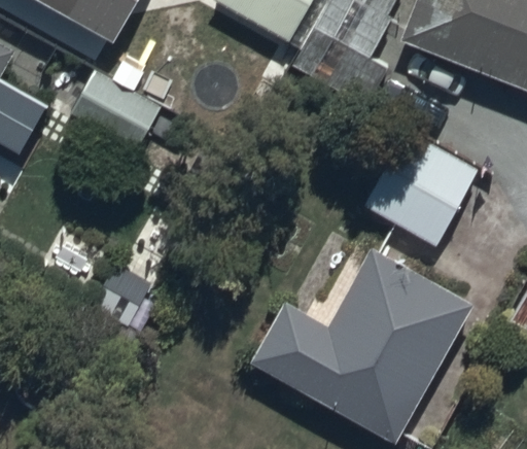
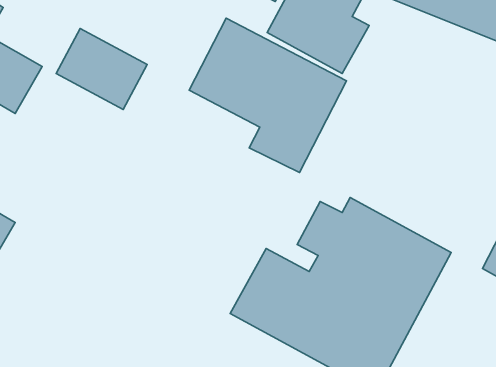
building: none -> [189,18,347,173]
building: [358,129,481,253] -> none

